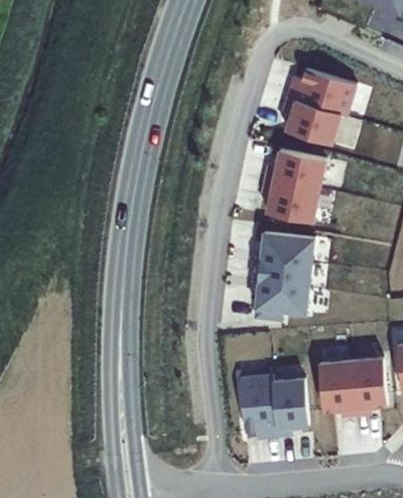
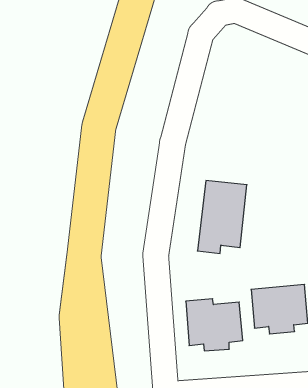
building: [283,70,356,145] -> none
building: [262,150,326,223] -> none

